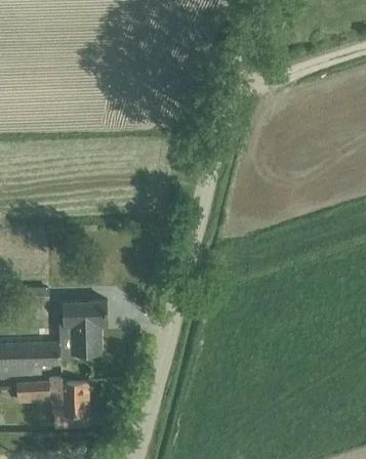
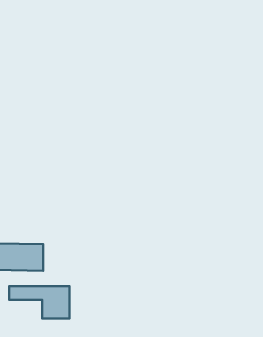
building: [67,296,103,346] -> none

